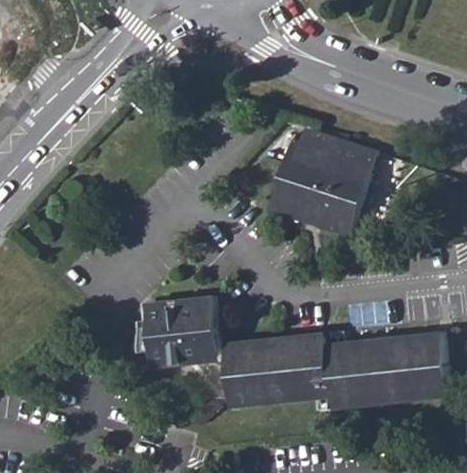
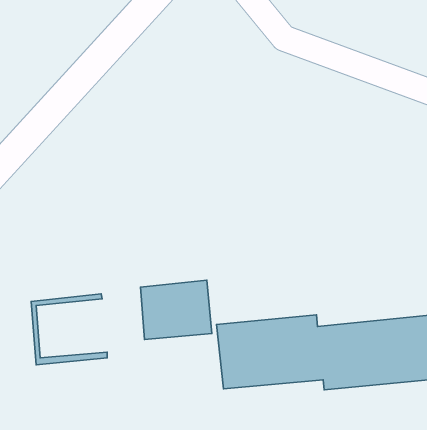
building: [267,128,377,237] -> none
building: [141,293,218,365] -> [31,294,107,365]

